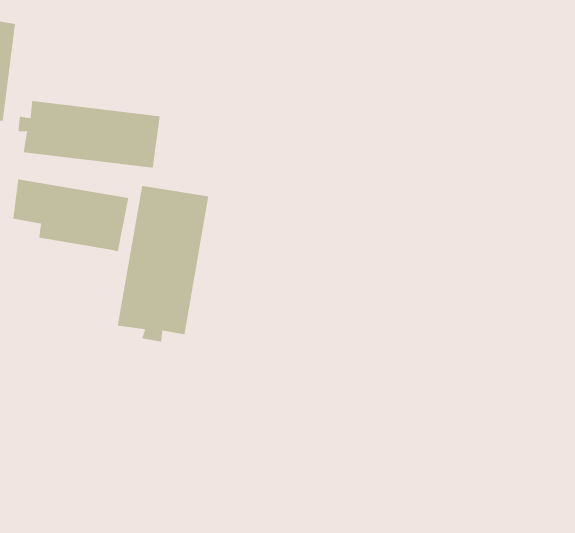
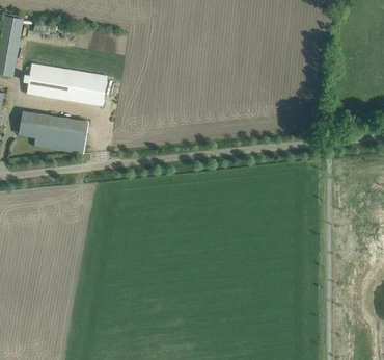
building: [117,185,209,343] -> none

